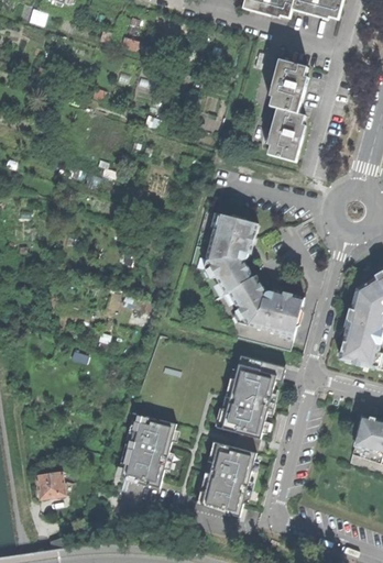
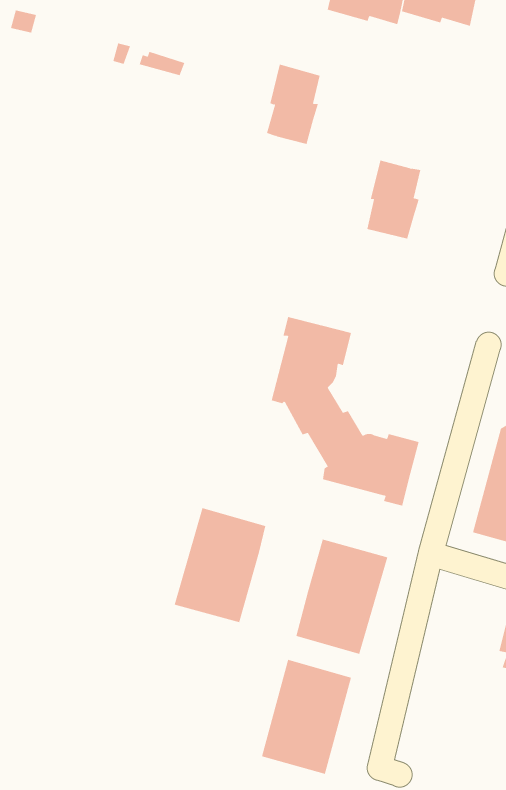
building: [270,59,306,113] -> [266,64,320,145]
building: [117,412,178,489] -> [174,508,266,623]
building: [36,471,63,497] -> none

